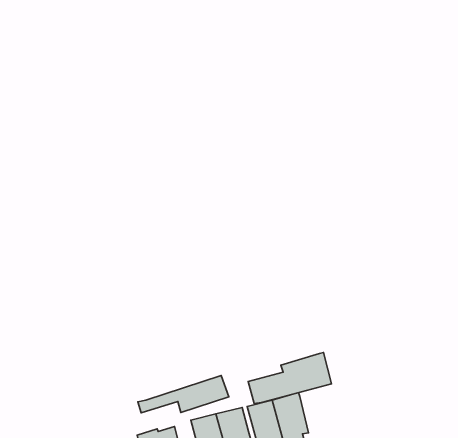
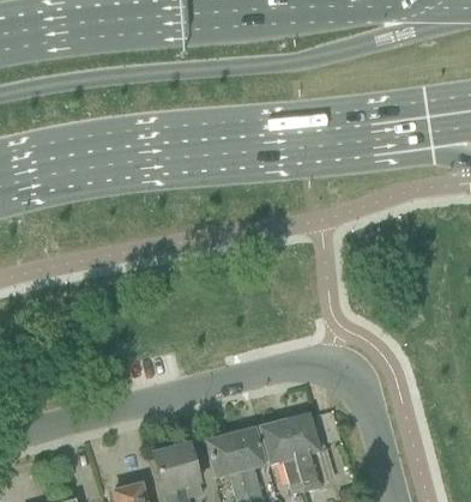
building: [248,353,331,404] -> none
building: [138,375,229,413] -> none

